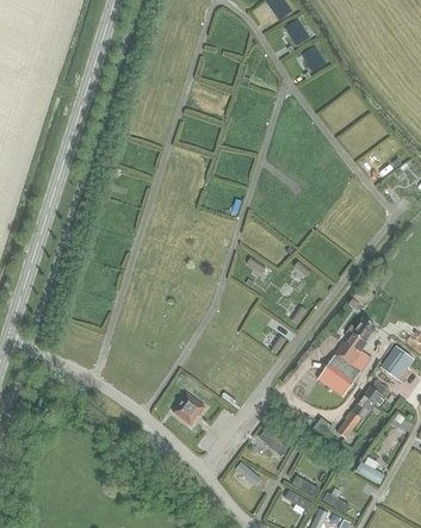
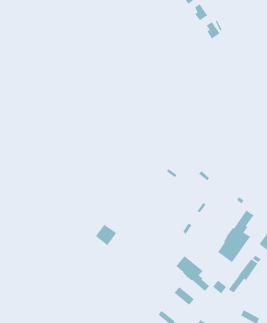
building: none -> [176,255,210,292]
building: [173,392,205,424] -> [95,224,117,246]

